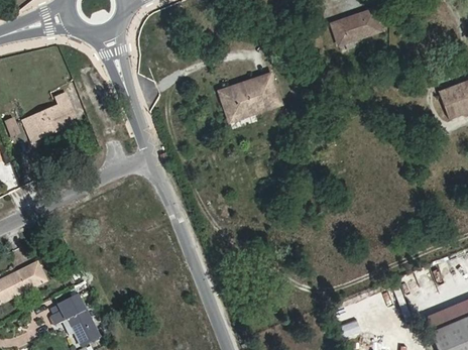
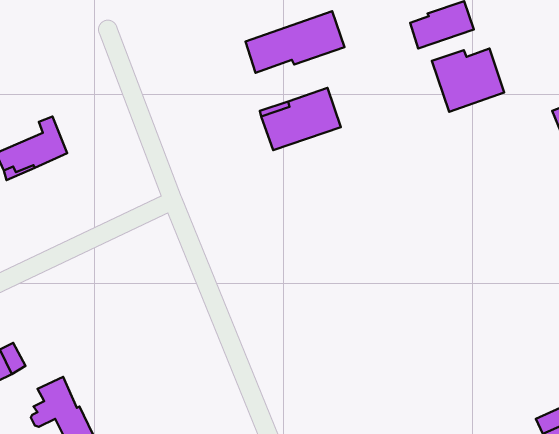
building: none -> [245,11,345,73]
building: none -> [432,48,504,112]

